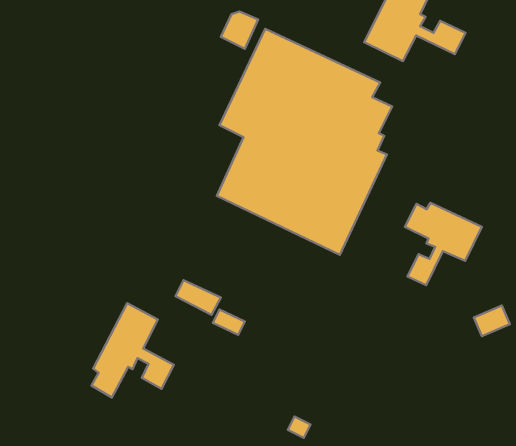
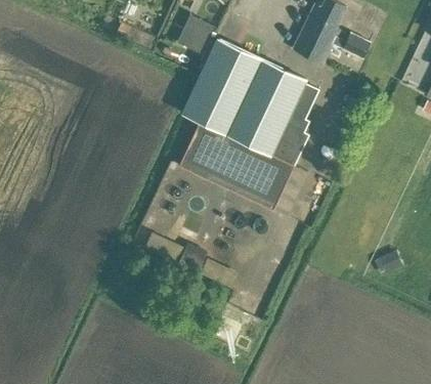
building: [405,203,482,285] -> none
building: [91,303,174,398] -> none

